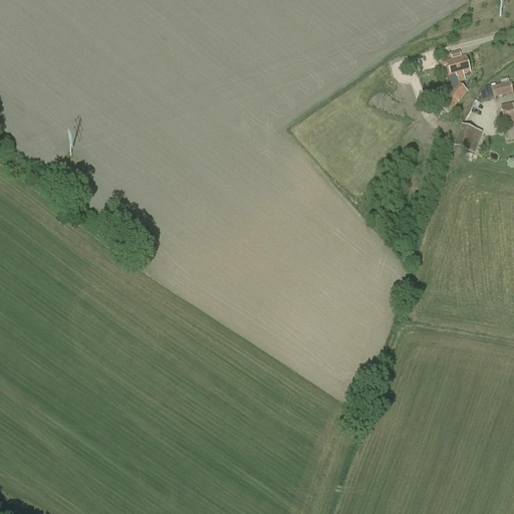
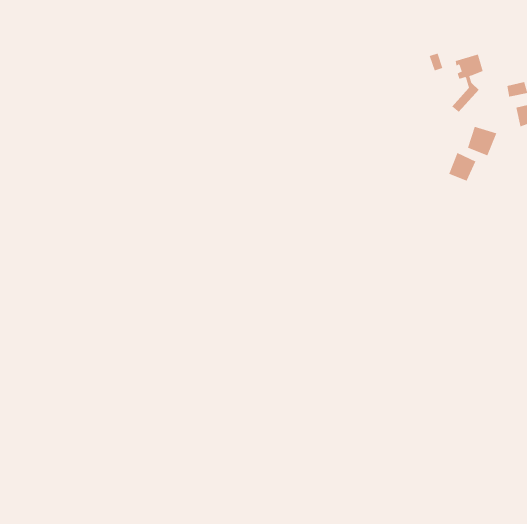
building: none -> [449,152,476,181]

